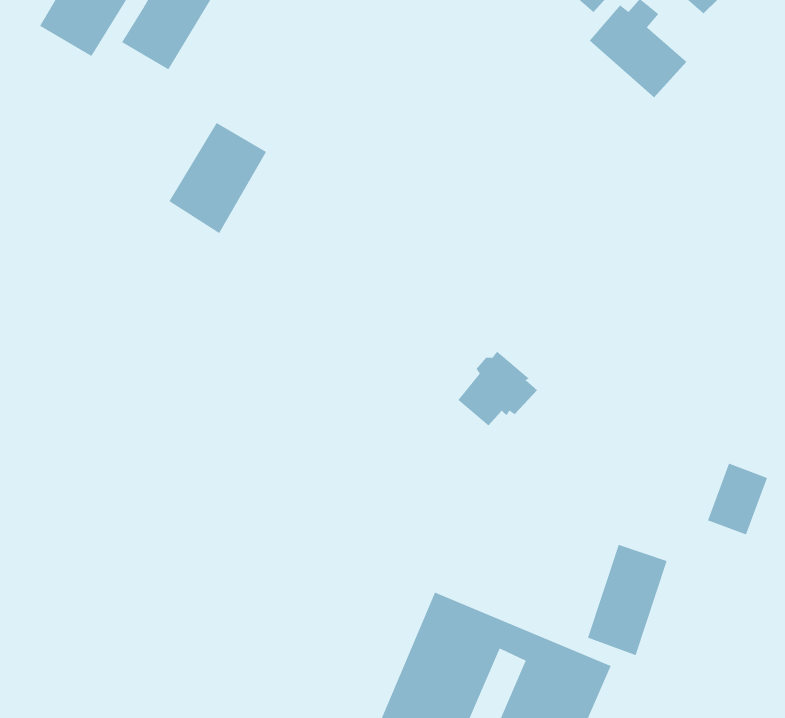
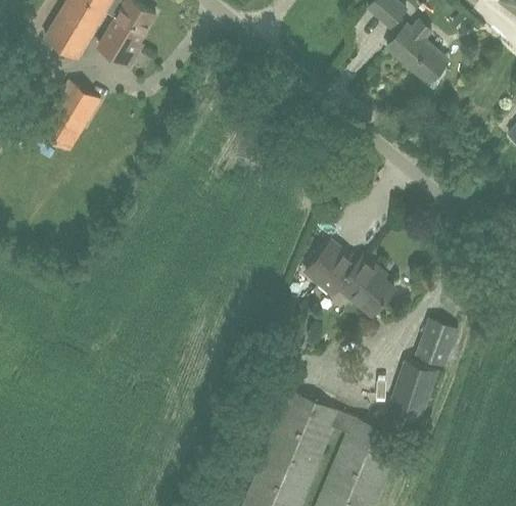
building: [168,122,267,234] -> [38,81,99,150]
building: none -> [324,256,393,315]
building: [707,463,768,535] -> [420,320,458,365]

